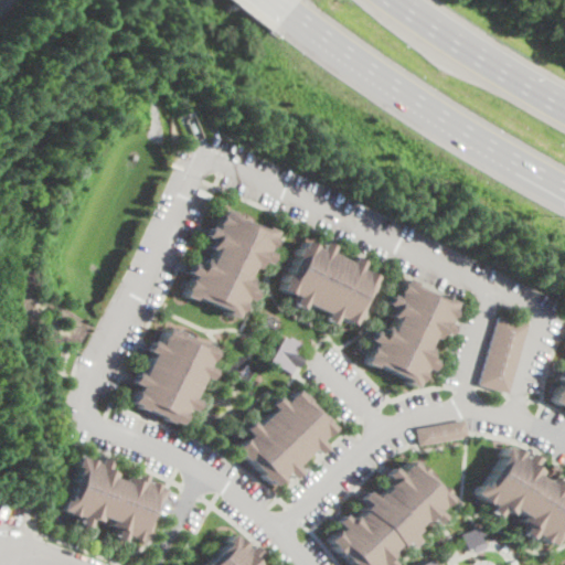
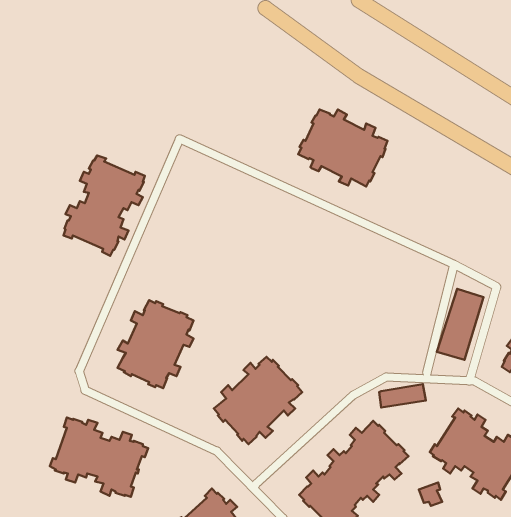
building: [188,209,276,318] -> [64,155,145,256]
building: [281,241,379,324] -> [298,109,388,187]
building: [367,278,459,387] -> none
building: [273,335,308,373] -> none

